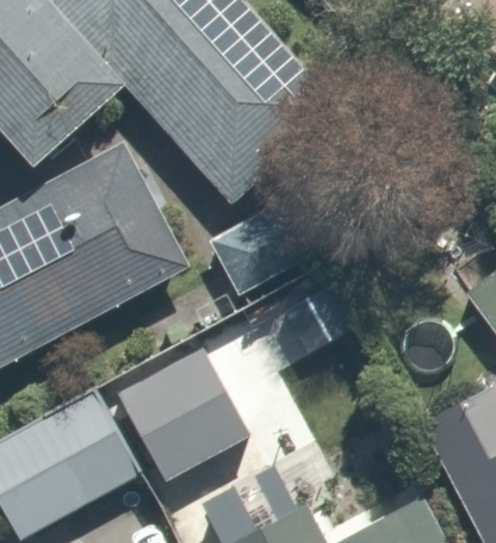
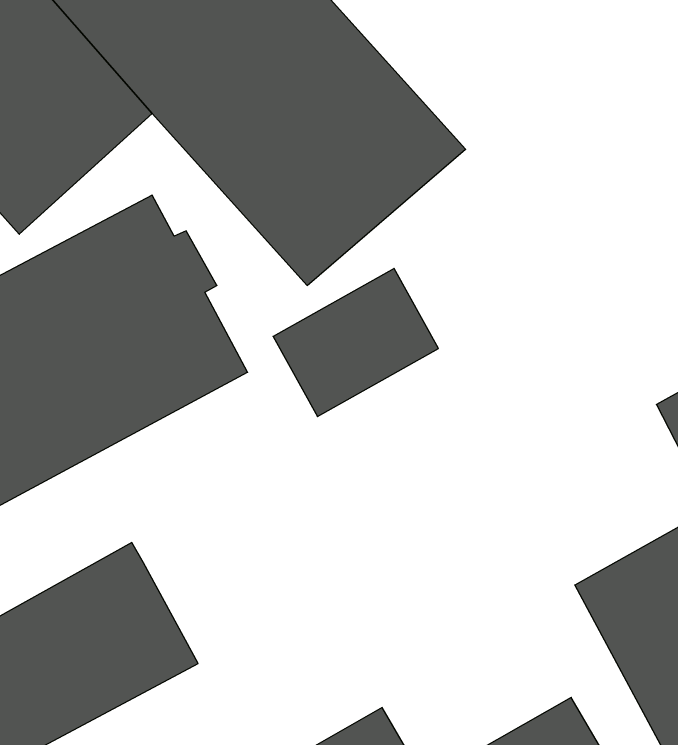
building: [116,348,266,482] -> none

